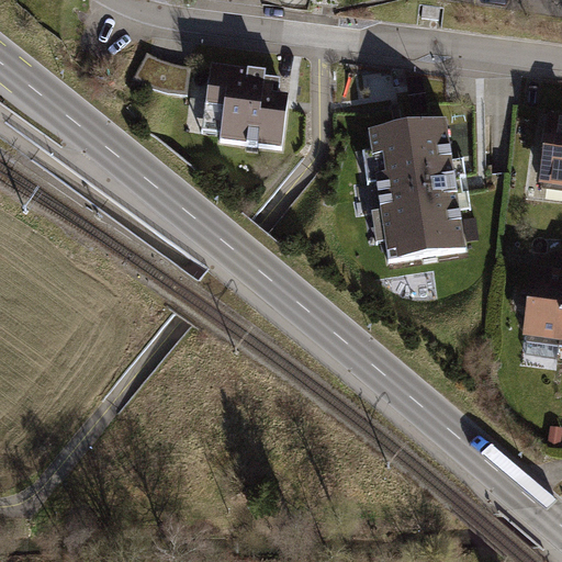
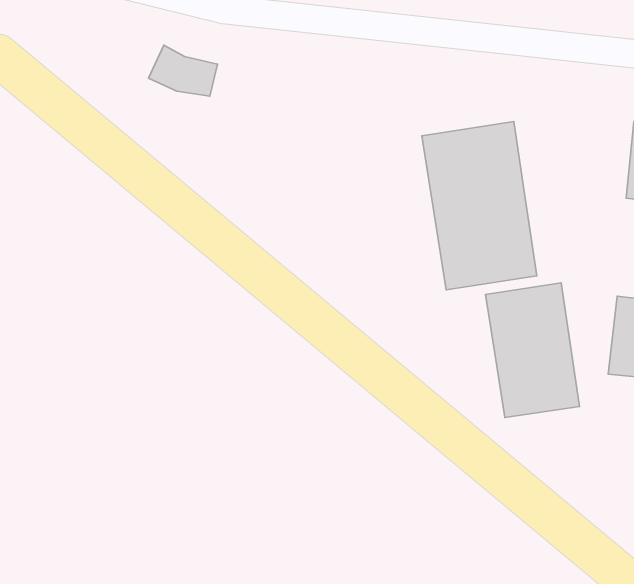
building: [200,61,290,147] -> none
building: none -> [486,283,580,418]

